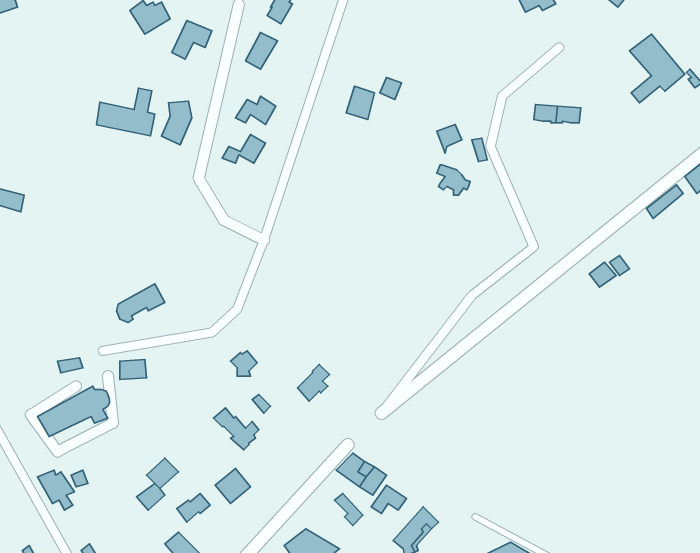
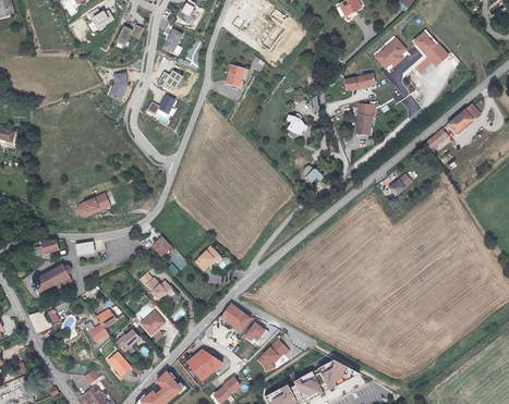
building: none -> [374,37,407,70]
building: [96,88,155,136] -> none
building: none -> [356,98,378,130]

